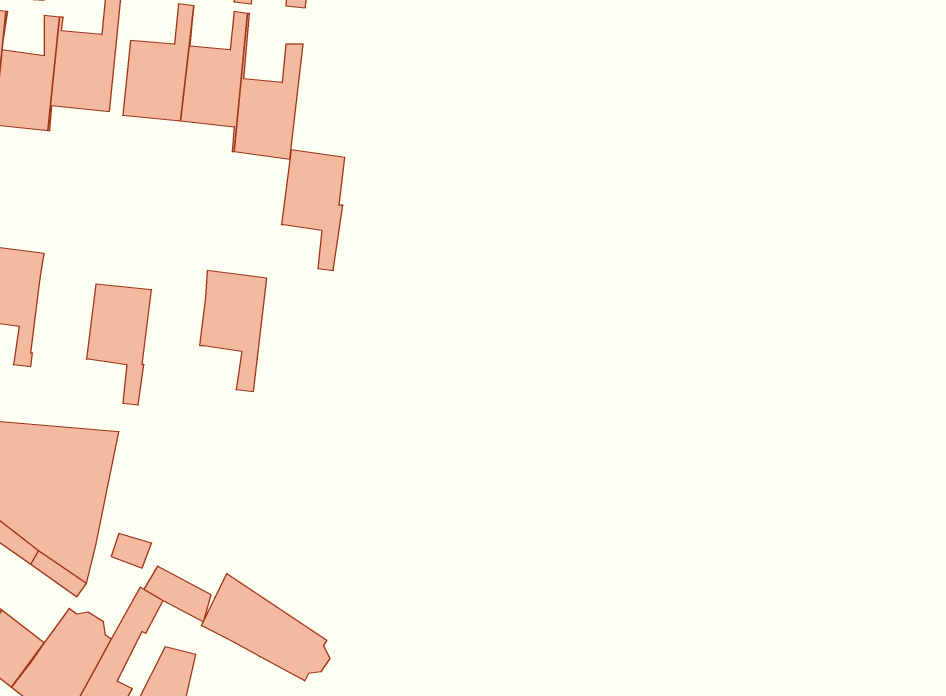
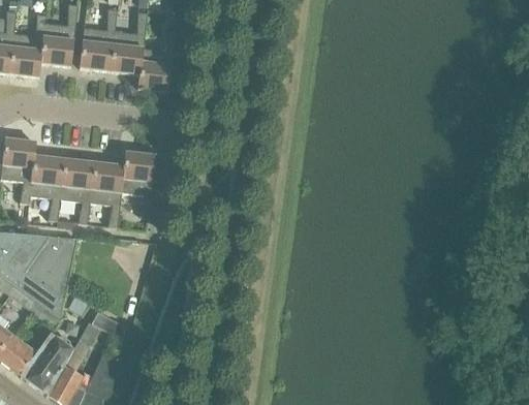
building: [281,150,345,271] -> [88,161,122,226]
building: none -> [28,155,63,220]
building: [202,573,330,681] -> none

